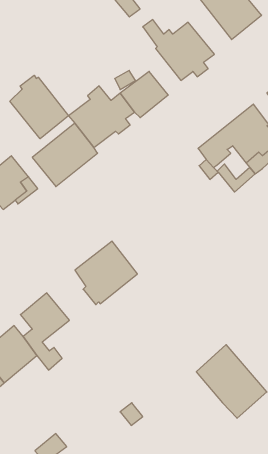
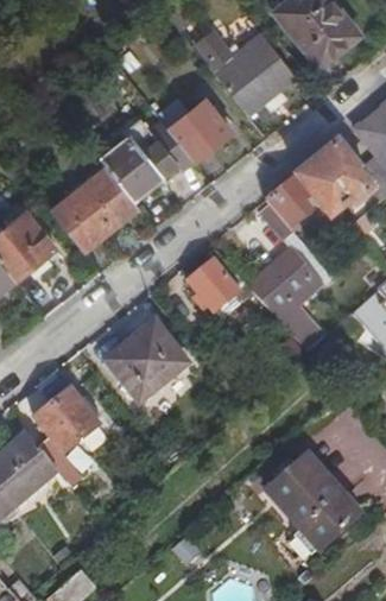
building: [10,75,69,139] -> none
building: none -> [248,248,323,337]
building: none -> [190,259,240,310]

